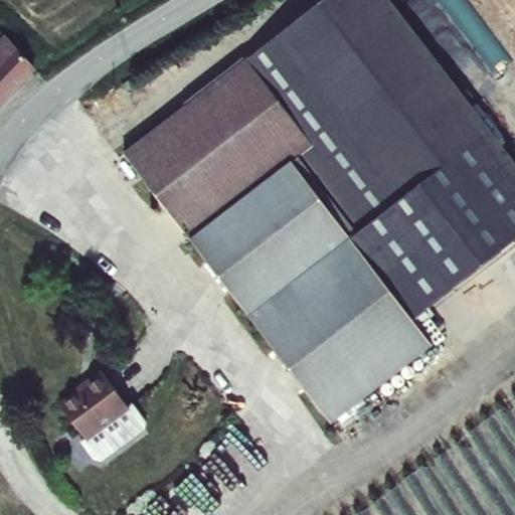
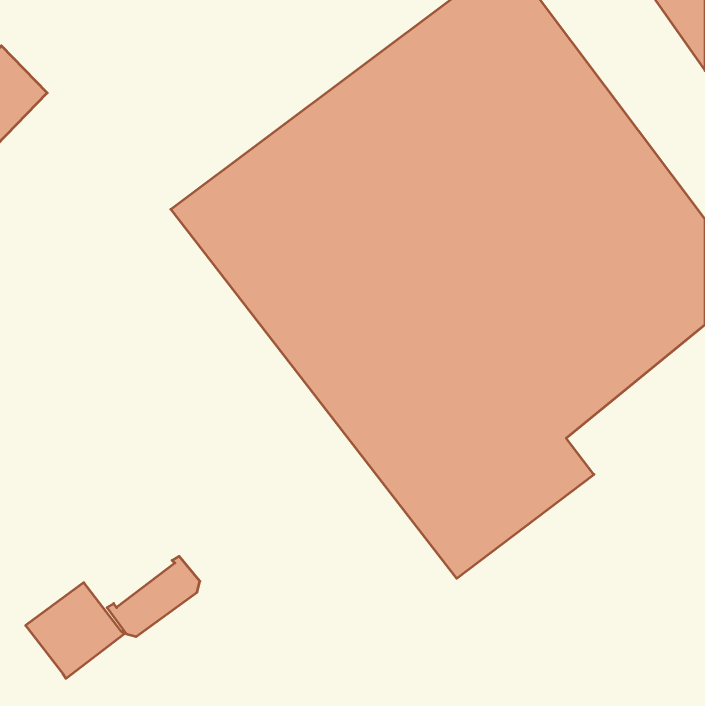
building: [55,371,127,441] -> [26,583,124,678]

